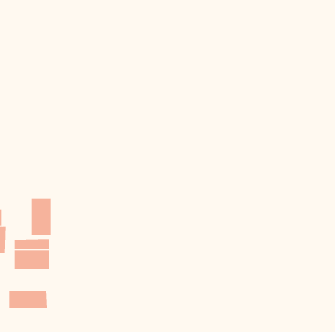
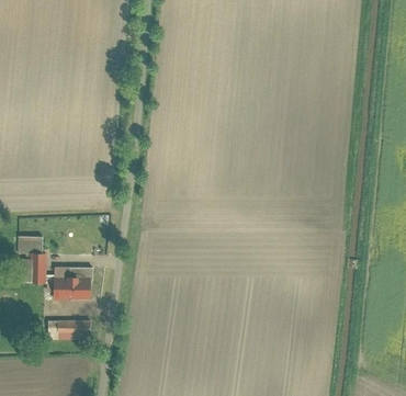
building: [31,198,51,236] -> none

